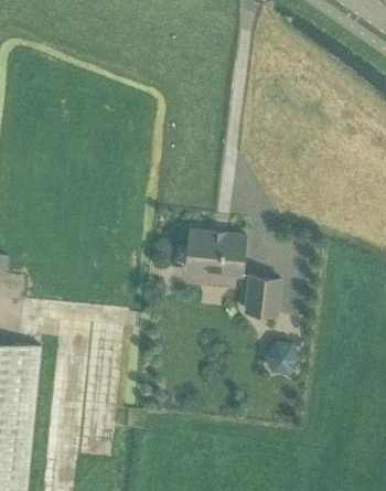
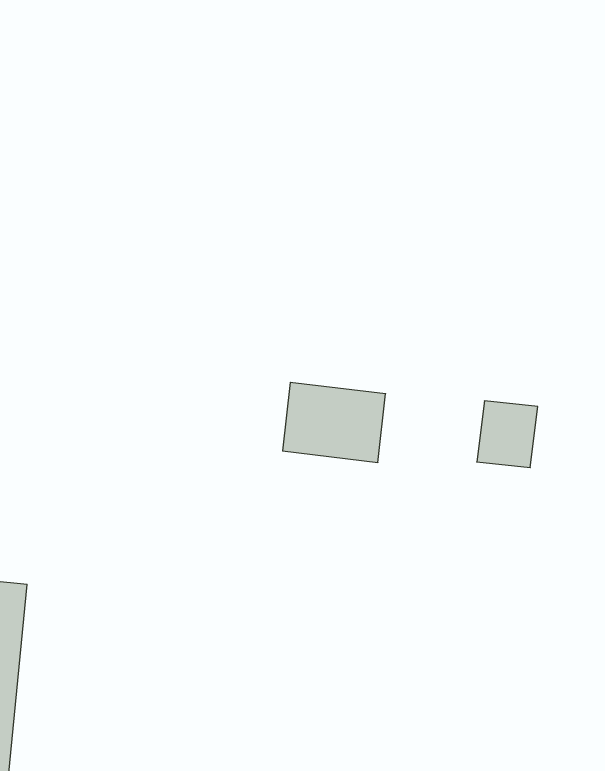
building: [245,277,280,316] -> [477,401,538,468]
building: [262,341,297,372] -> none

